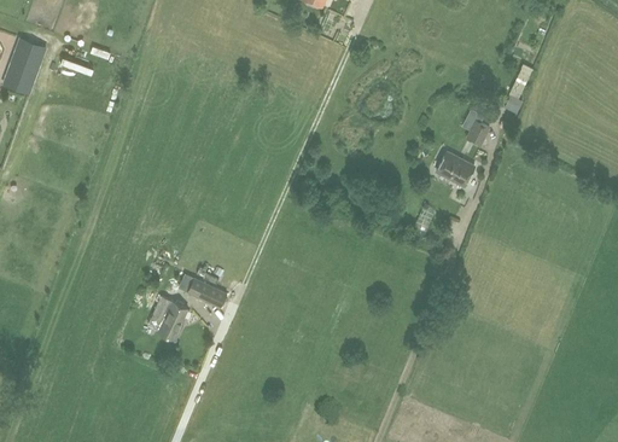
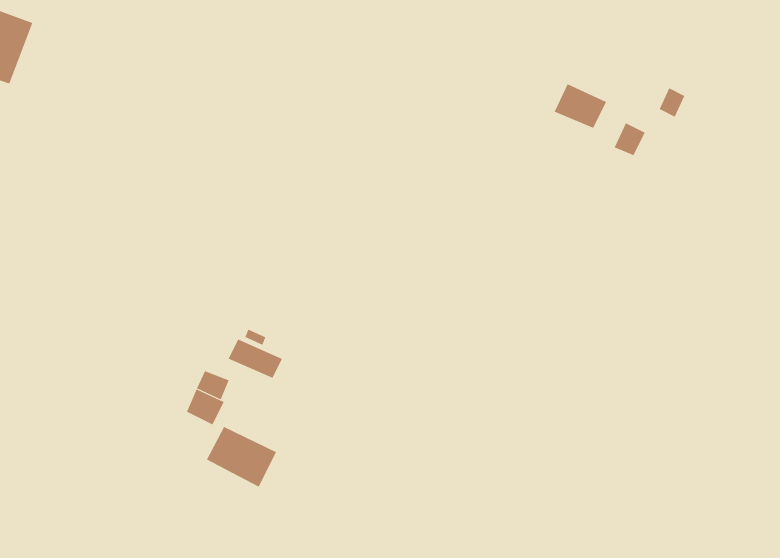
building: [437,151,476,184] -> [554,84,607,128]
building: none -> [206,426,277,488]

